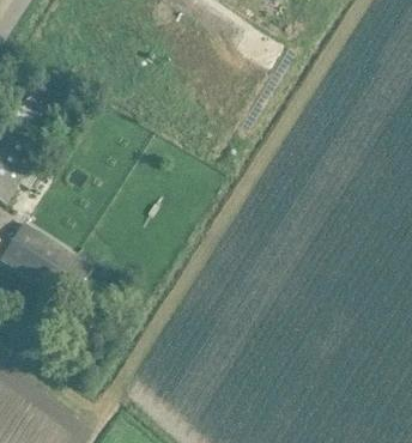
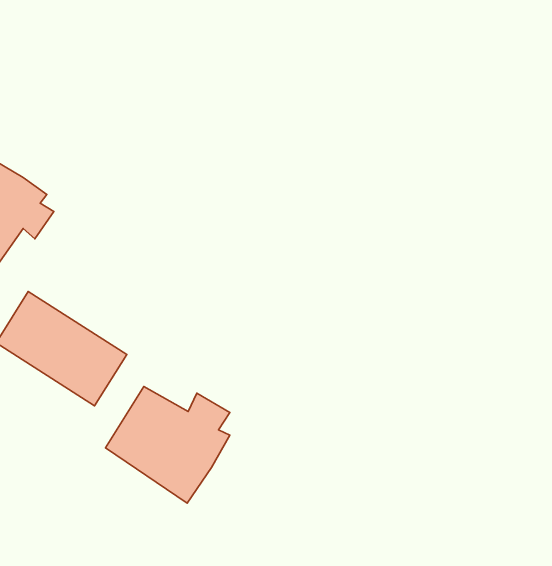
building: none -> [105,387,230,503]

